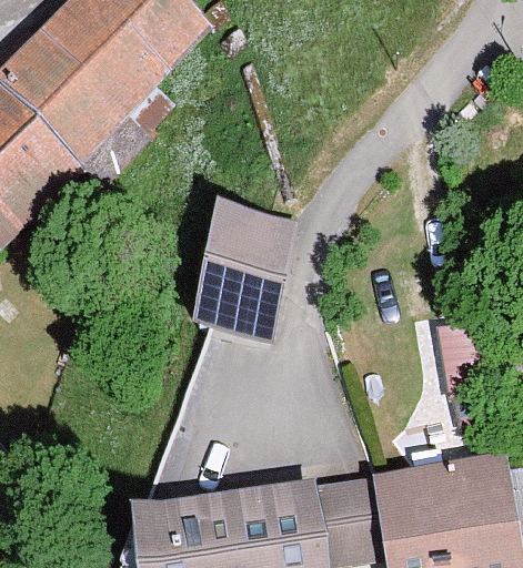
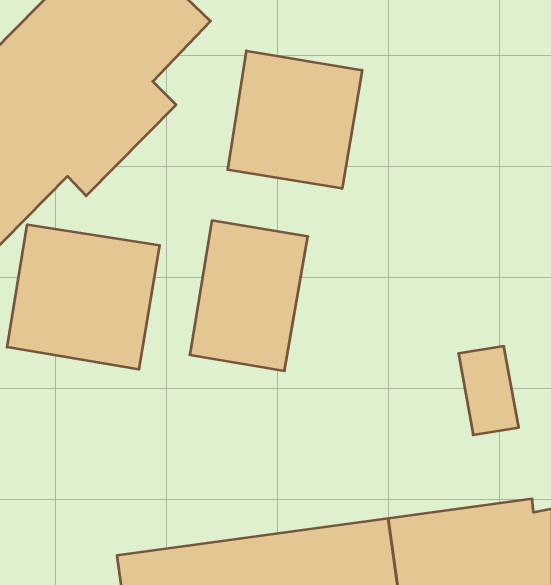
building: none -> [228,51,362,189]
building: none -> [7,225,160,369]

